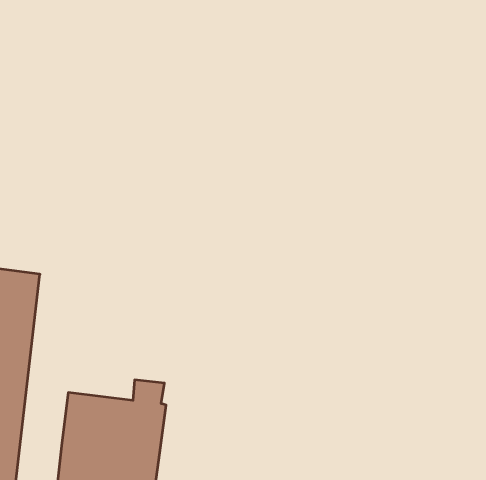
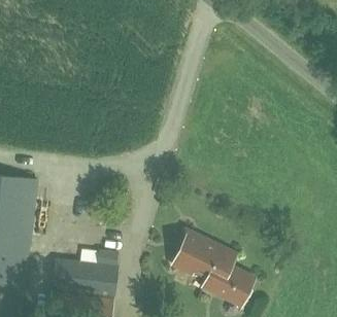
building: none -> [169,228,250,305]

